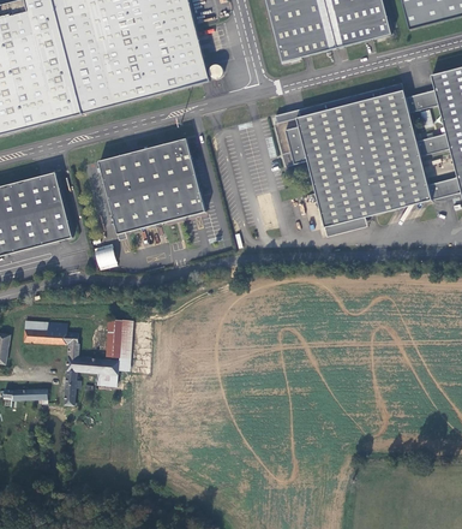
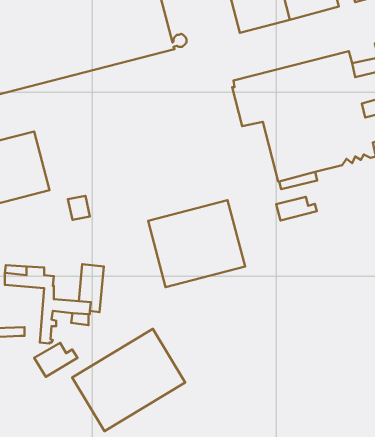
building: [98,138,205,234] -> [148,200,245,287]
building: none -> [276,197,317,221]
building: none -> [72,329,185,431]
building: none -> [34,343,77,377]

